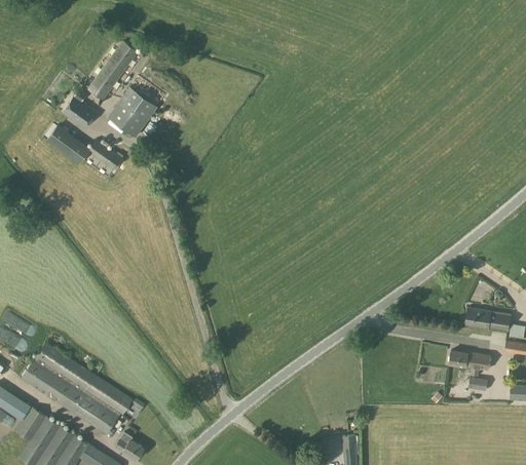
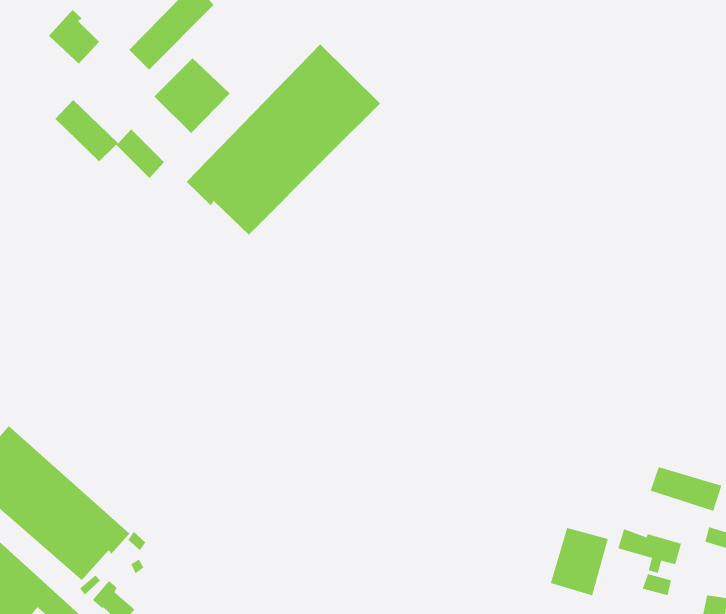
building: none -> [186,44,381,236]
building: [63,93,97,128] -> [48,9,100,64]
building: none -> [550,527,609,596]

